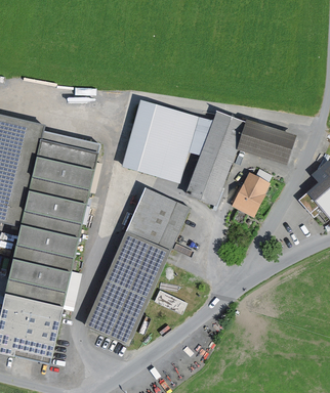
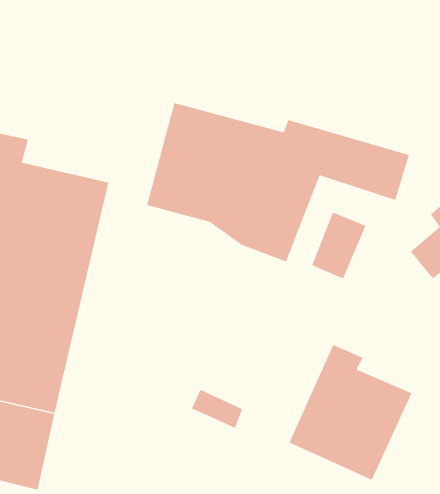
building: [84,187,192,346] -> none
building: none -> [289,344,413,481]

